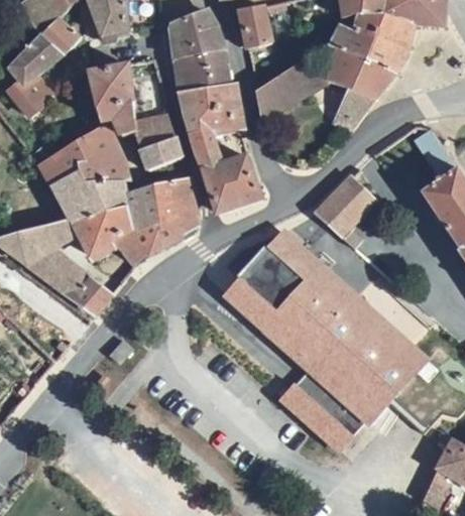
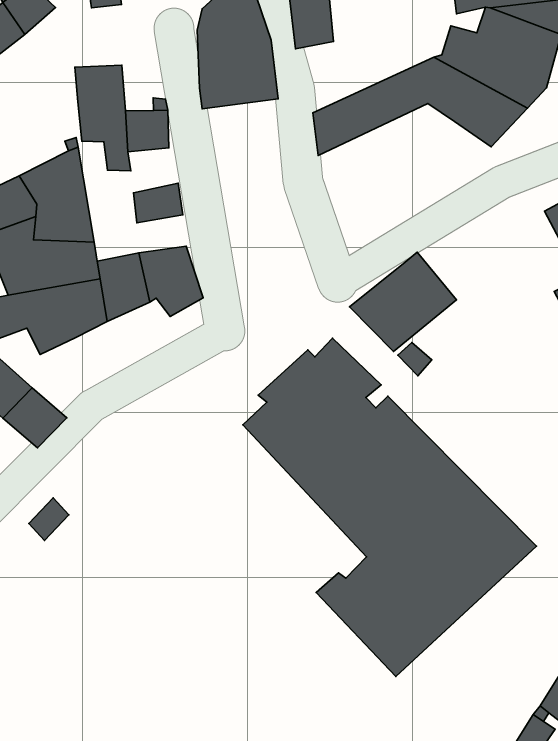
building: [185,80,262,215] -> none
building: [330,85,373,130] -> none
building: [117,214,197,270] -> none

